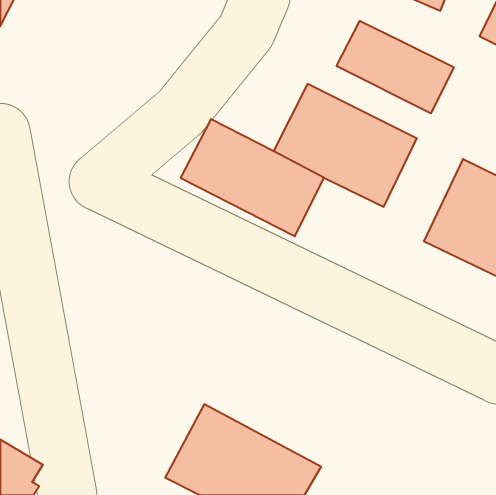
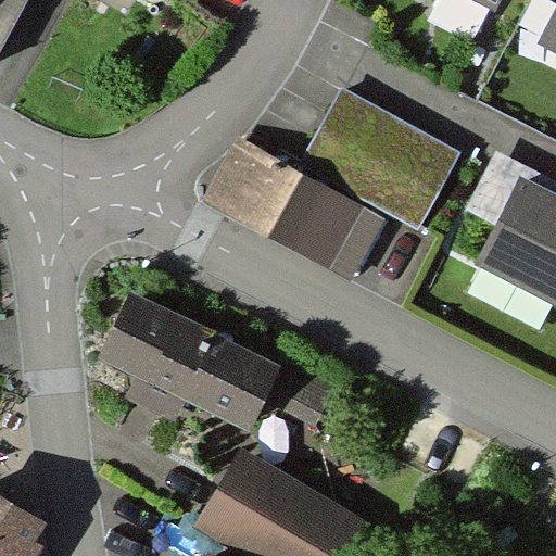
building: [337,21,454,113] -> none
building: none -> [97,298,278,437]

